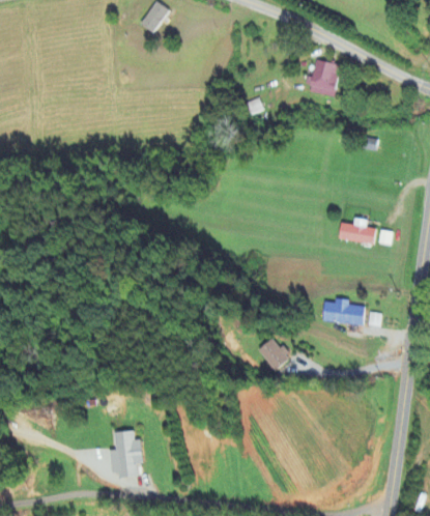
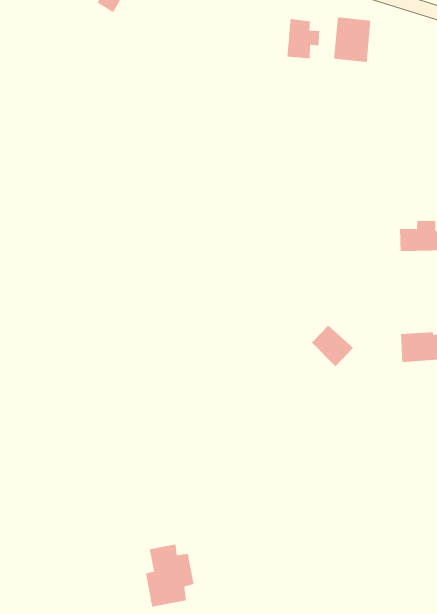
building: none -> [286,18,320,59]
building: [262,339,293,371] -> [311,325,354,367]

